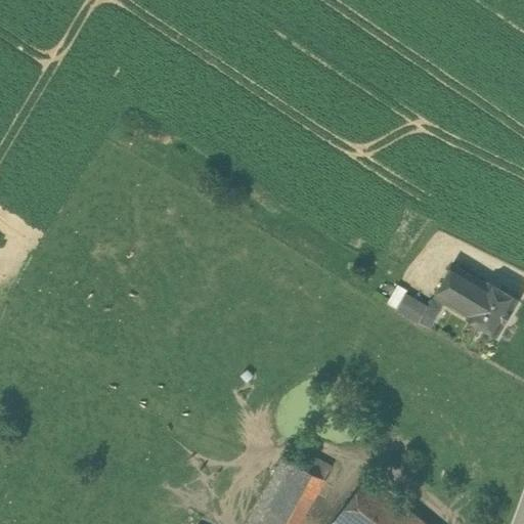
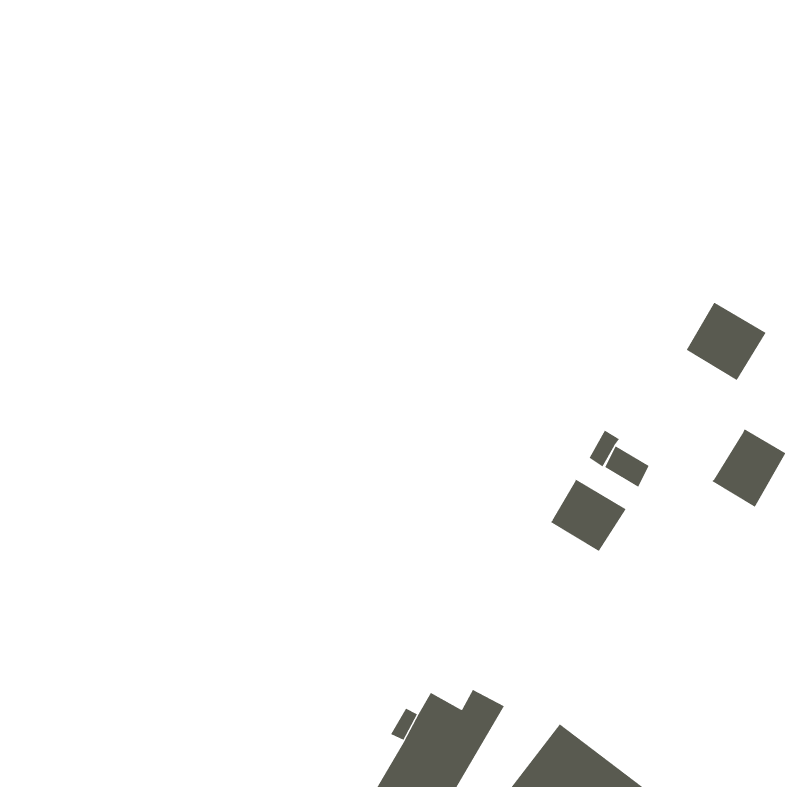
building: [436,268,489,320] -> [686,302,767,381]
building: none -> [550,479,627,552]

